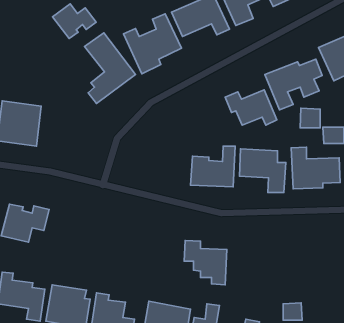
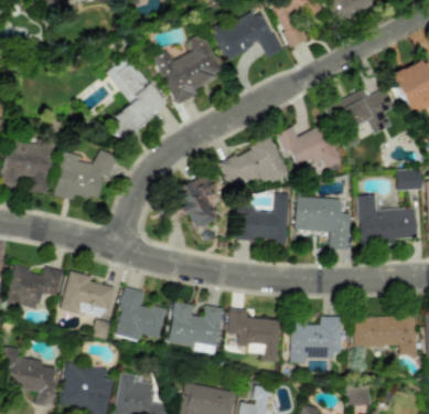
building: [52,4,96,38] -> none
building: none -> [221,138,289,190]
building: [300,108,320,128] -> none
building: none -> [55,151,117,202]
building: none -> [174,172,218,230]
building: none -> [61,270,114,319]
building: none -> [115,286,167,340]
building: none -> [168,301,223,347]
building: none -> [354,315,418,354]
building: none -> [290,316,343,362]

